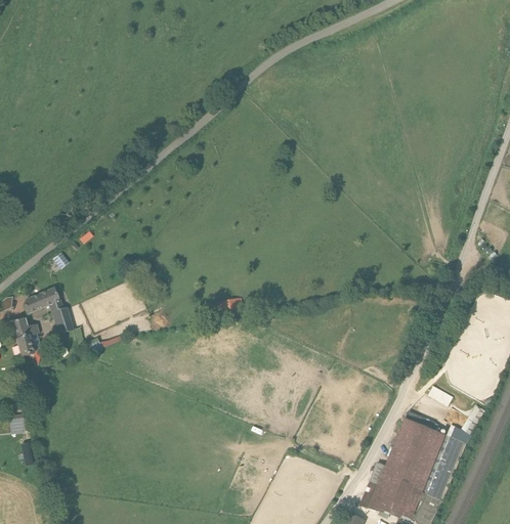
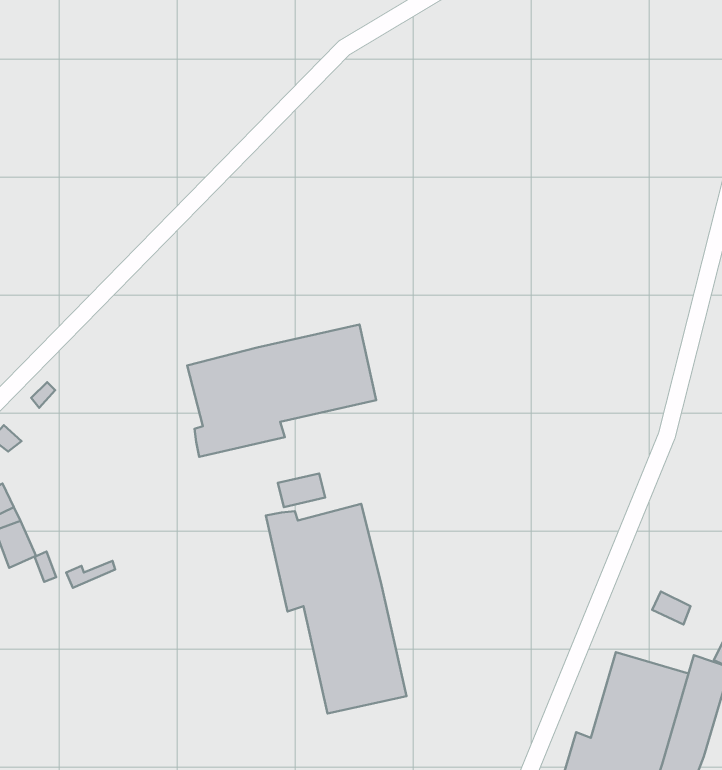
building: none -> [187,325,376,457]
building: none -> [266,504,406,713]

